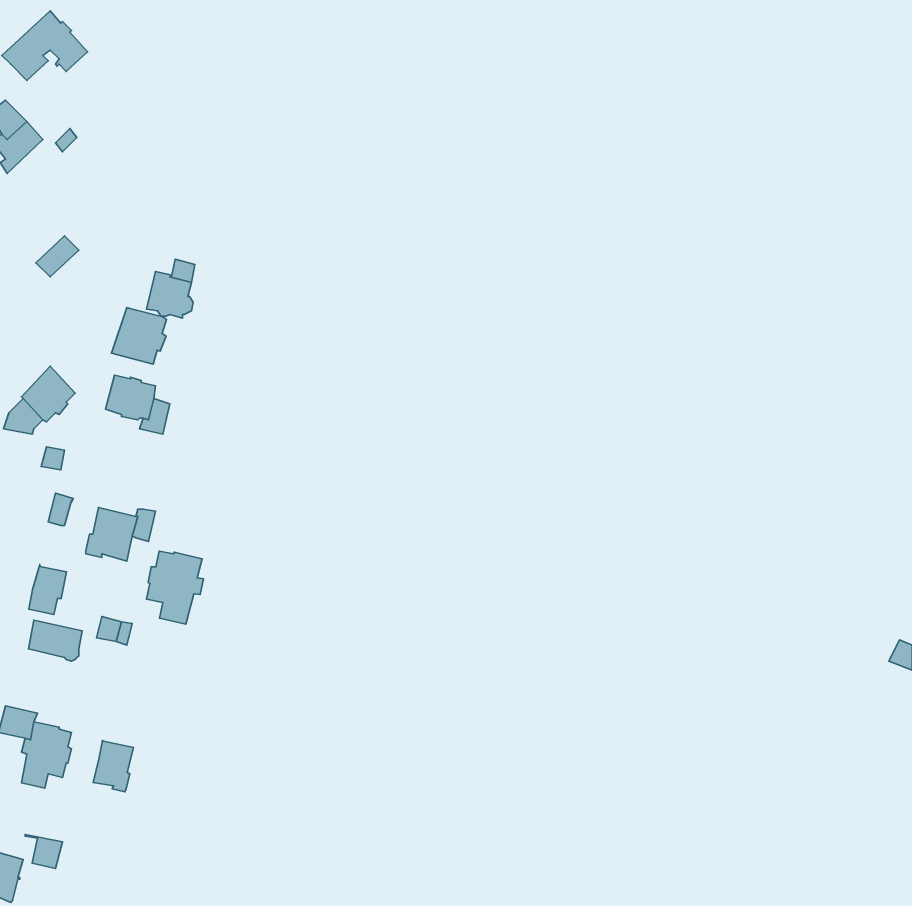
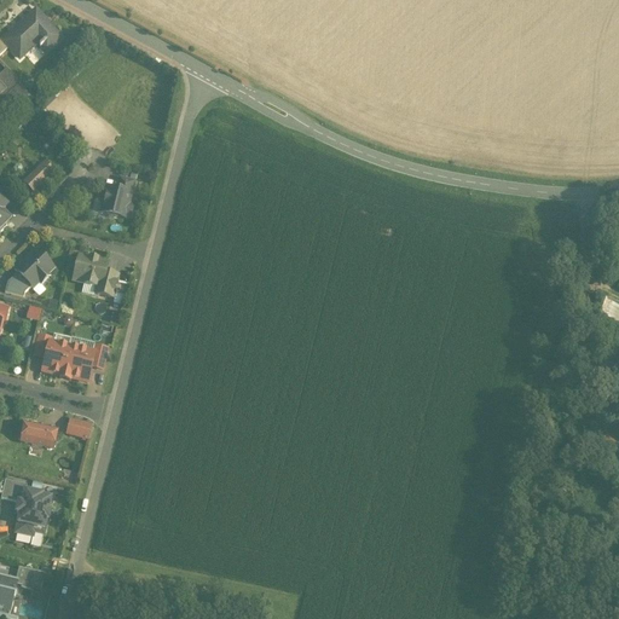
building: [112,308,167,364] -> none
building: [147,551,204,624] -> none
building: [29,565,67,615] -> [41,339,66,372]
building: [93,740,134,792] -> none

